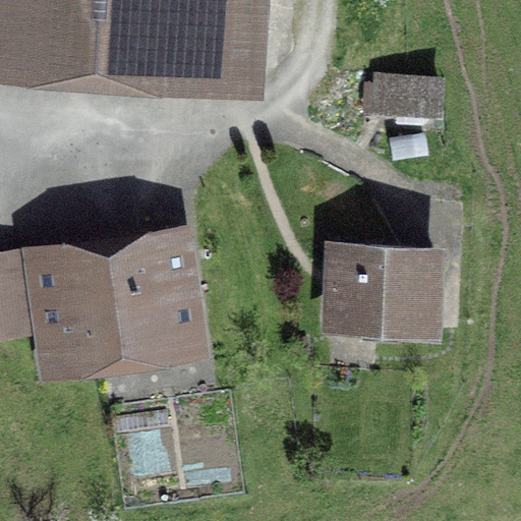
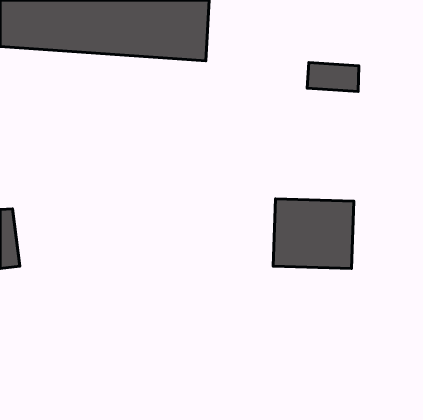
building: [38,238,199,367] -> none

